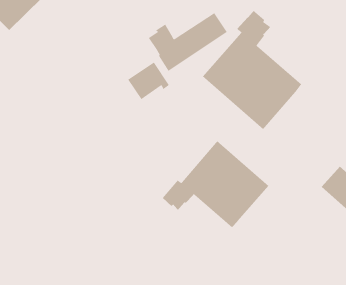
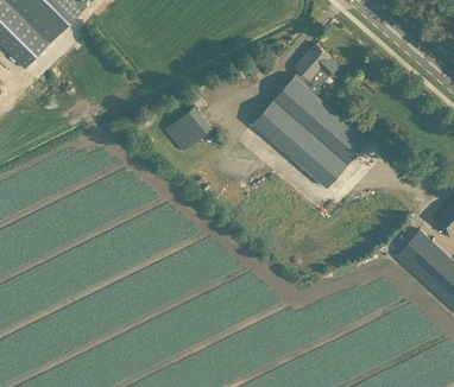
building: [148,12,228,72] -> none
building: [162,140,270,228] -> none

